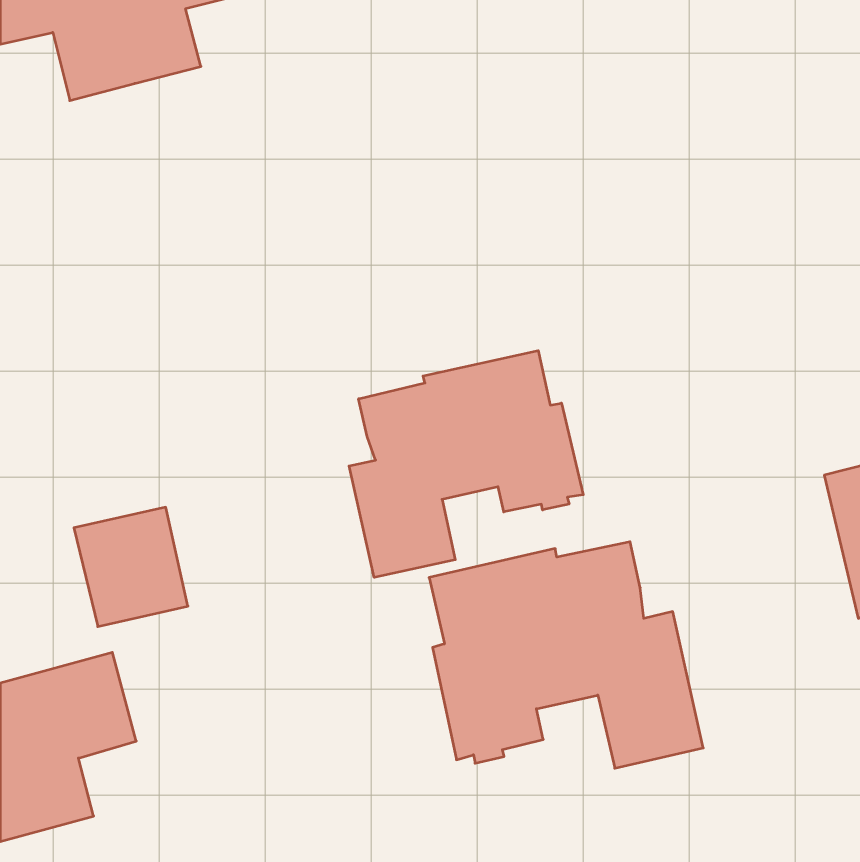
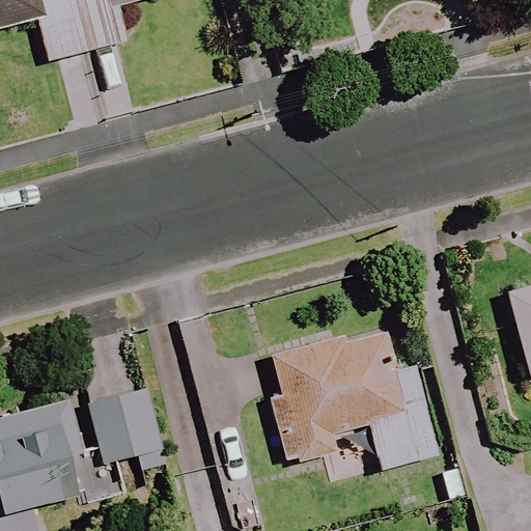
building: [349,351,583,577] -> none
building: [74,507,188,627] -> [91,389,161,462]

